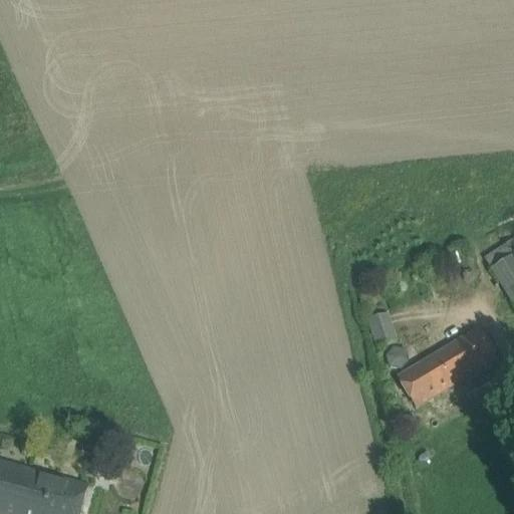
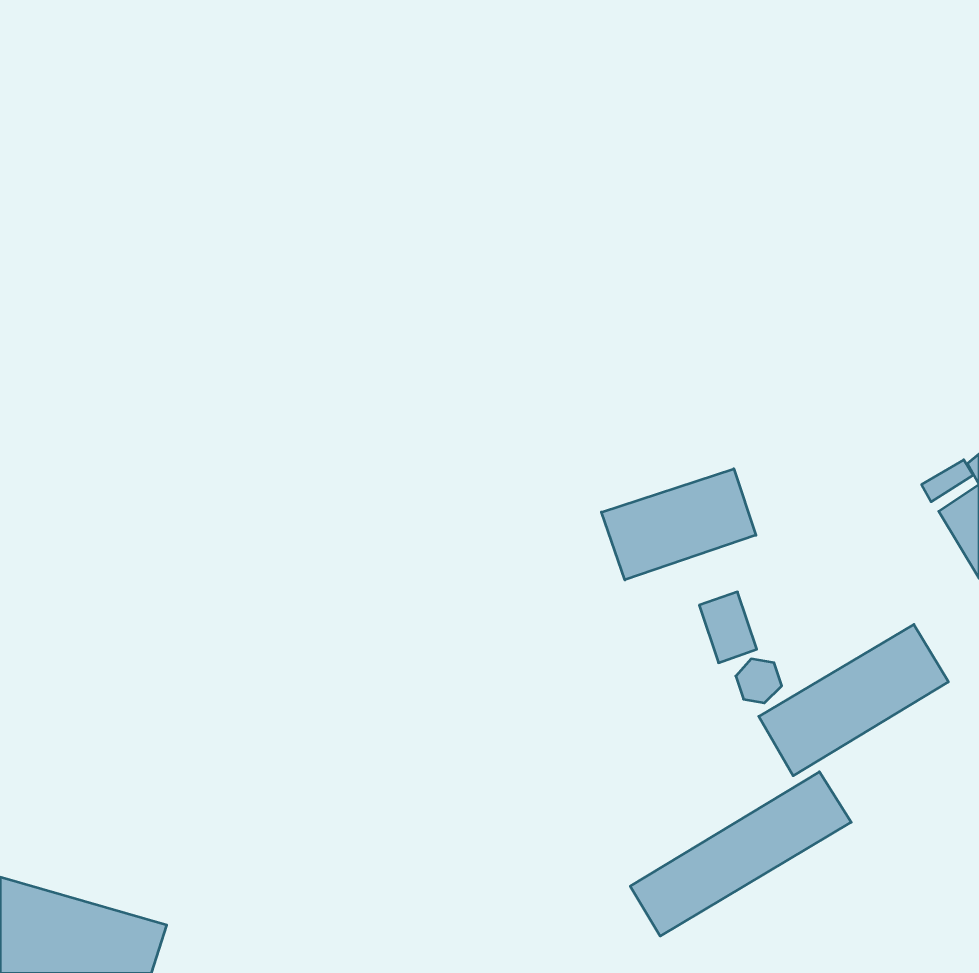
building: none -> [601,469,756,580]
building: none -> [630,772,851,936]

